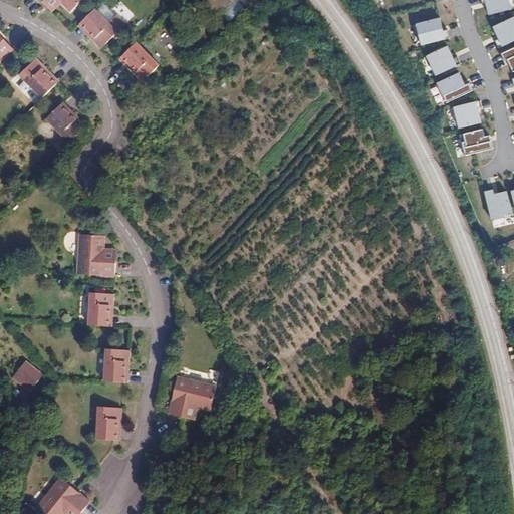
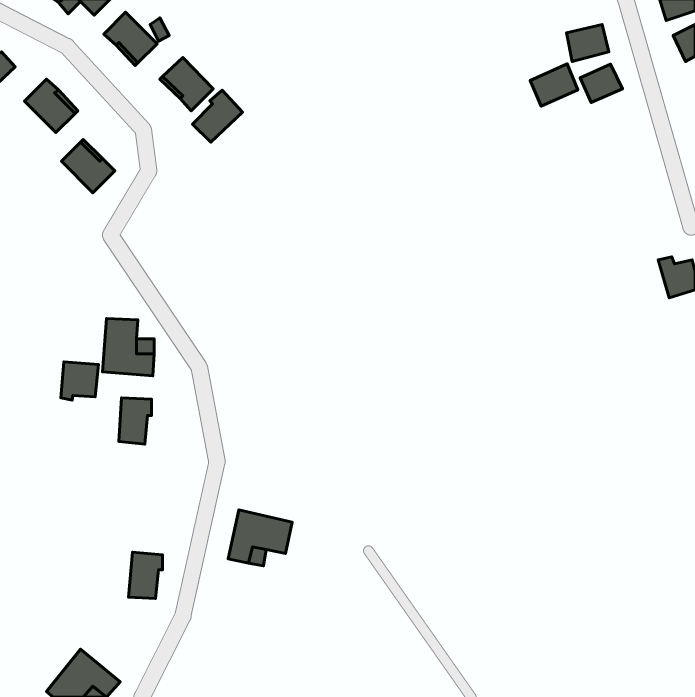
building: none -> [192,90,242,142]
building: [437,72,472,103] -> [530,64,578,106]
building: [455,102,483,126] -> none
building: [463,127,494,153] -> none
building: none -> [61,362,98,400]
building: [102,348,127,382] -> none
building: [11,361,40,390] -> none

